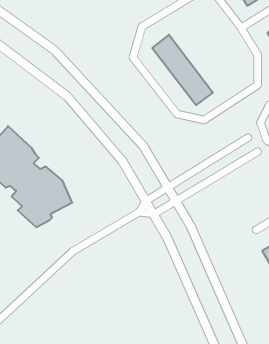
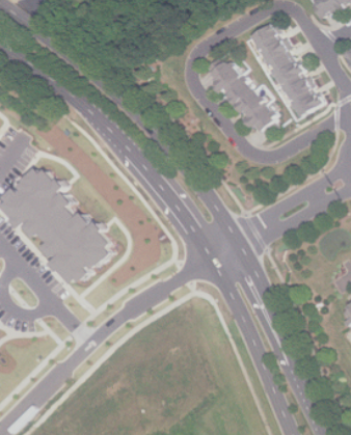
building: none -> [251,23,321,117]

